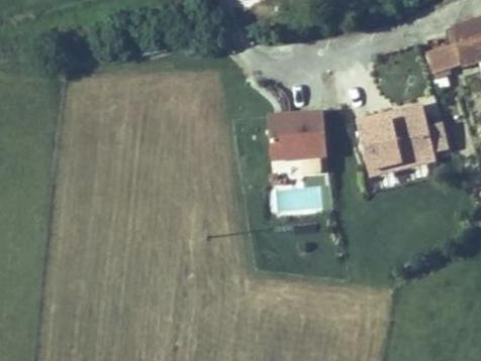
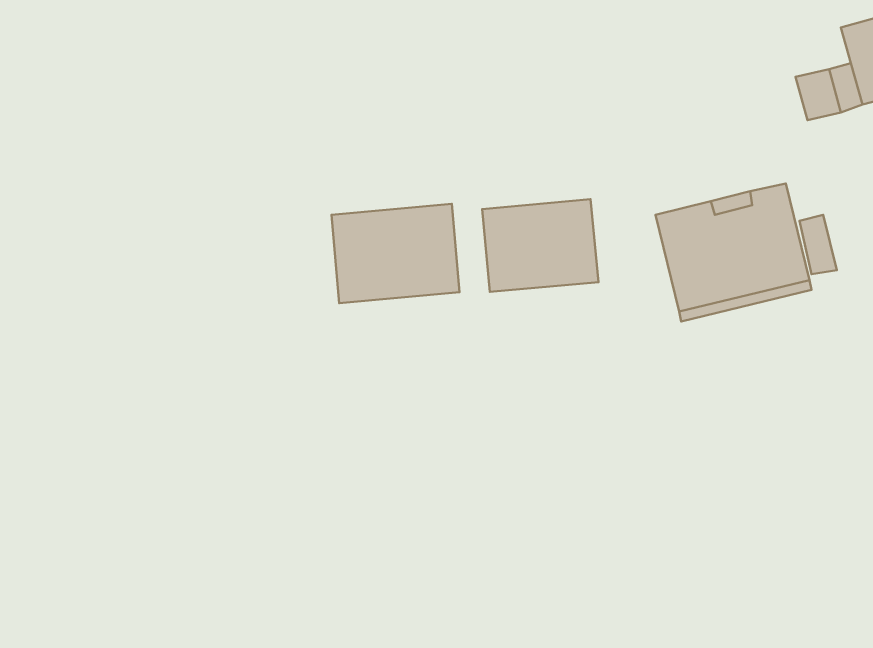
building: none -> [332,204,459,303]

